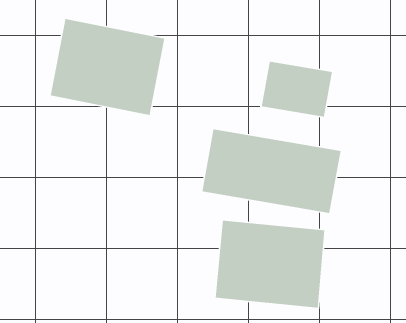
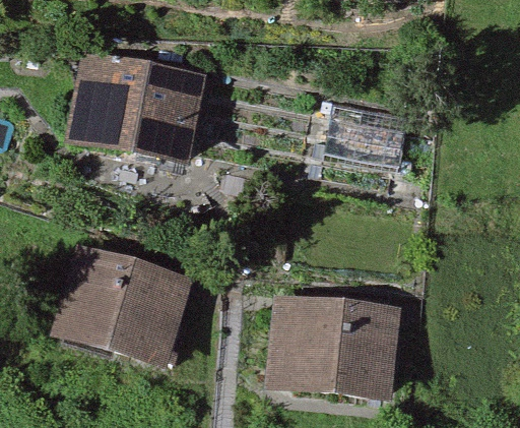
building: [201,128,341,214] -> none
building: none -> [50,241,194,367]

